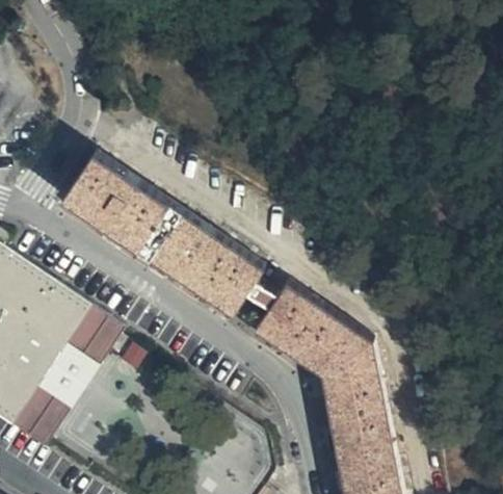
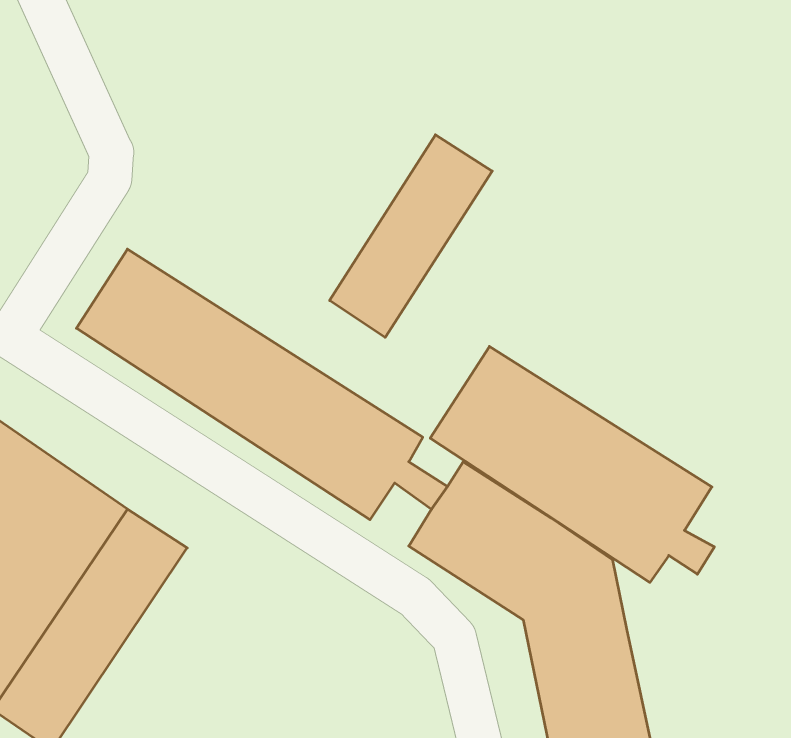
building: none -> [330,135,492,337]
building: none -> [430,346,714,582]

